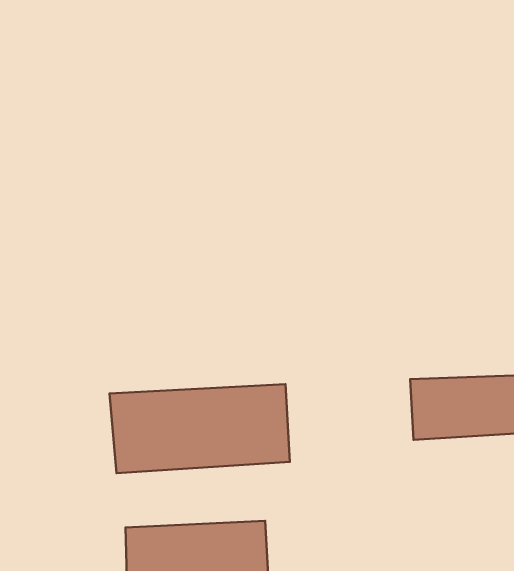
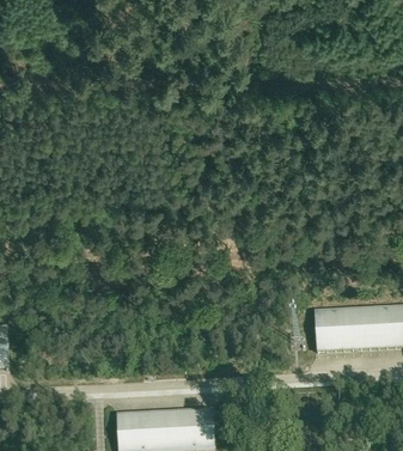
building: [110,384,290,473] -> none

